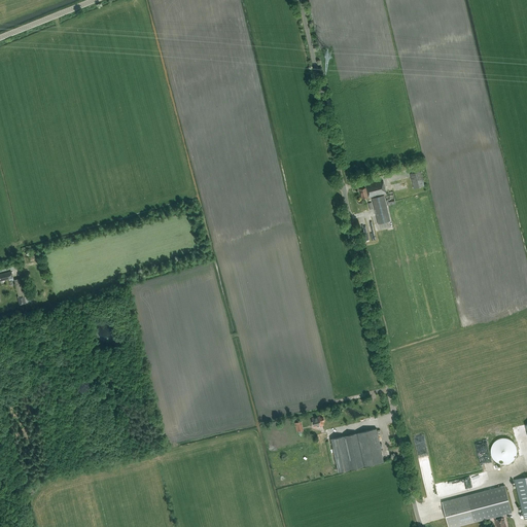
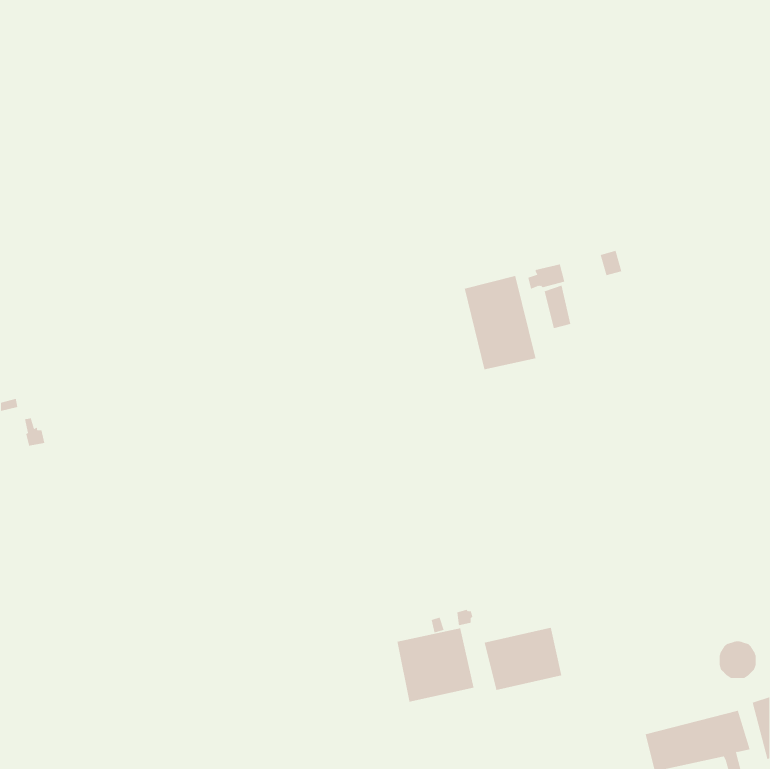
building: none -> [464,275,536,370]
building: none -> [397,628,474,703]

